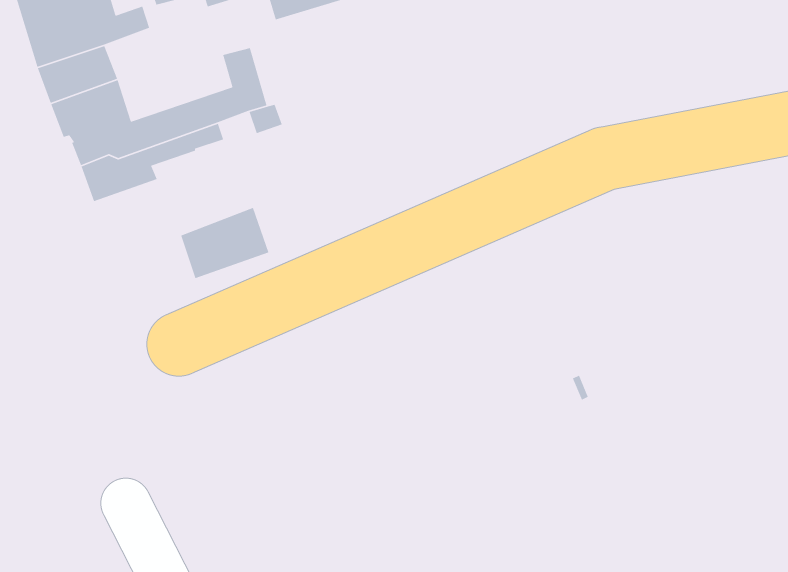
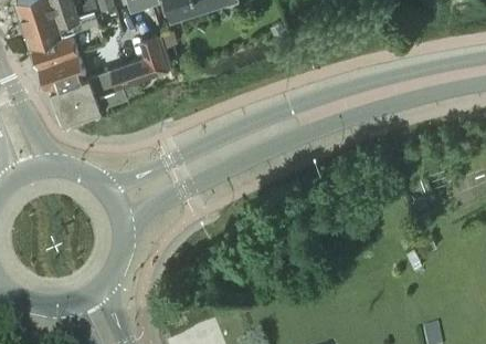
building: [180,207,269,279] -> none

